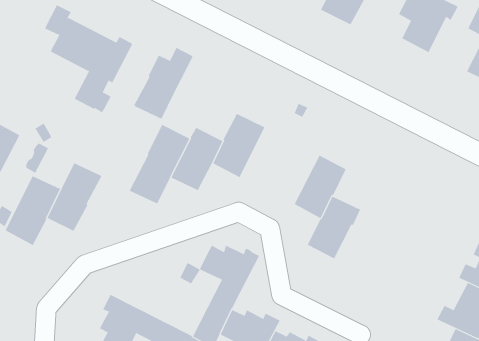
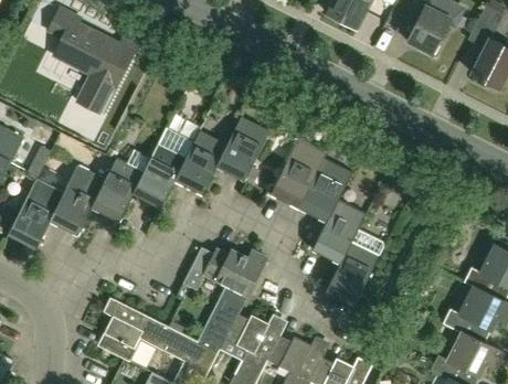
building: [133,47,194,120] -> [91,149,151,222]
building: none -> [269,138,327,207]
building: none -> [325,228,383,305]

